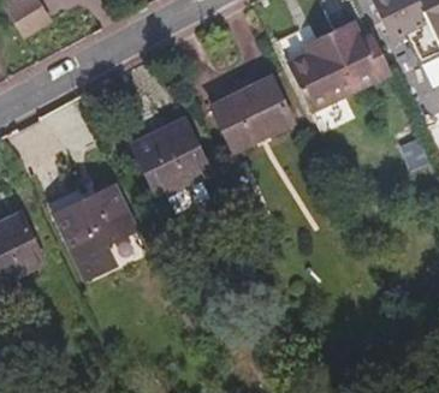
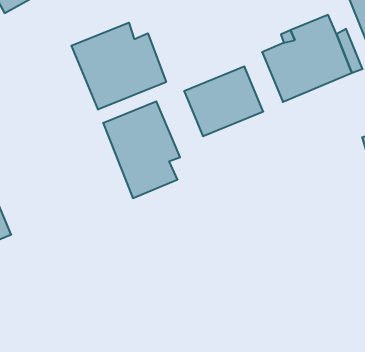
building: none -> [71,23,166,110]
building: [54,183,136,276] -> none

